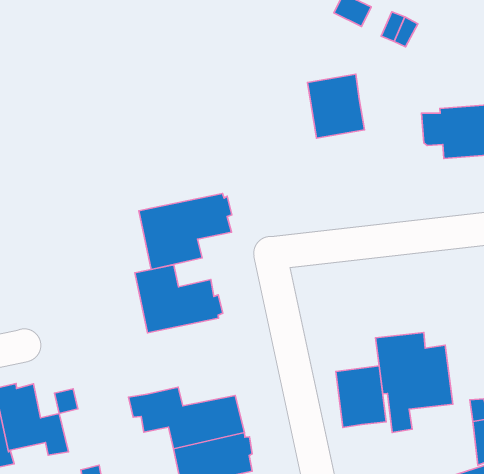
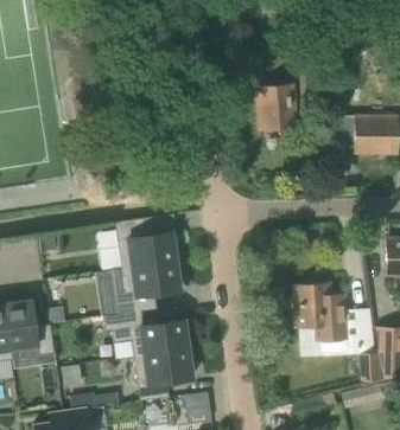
building: [139,193,232,269] -> [112,262,182,315]
building: [336,366,386,428] -> none

